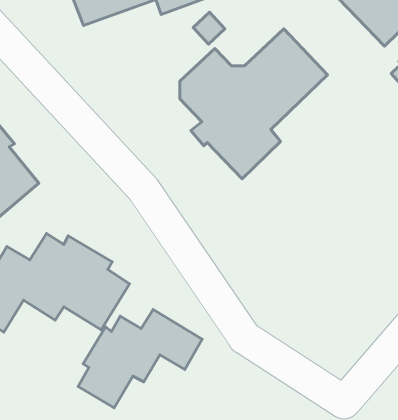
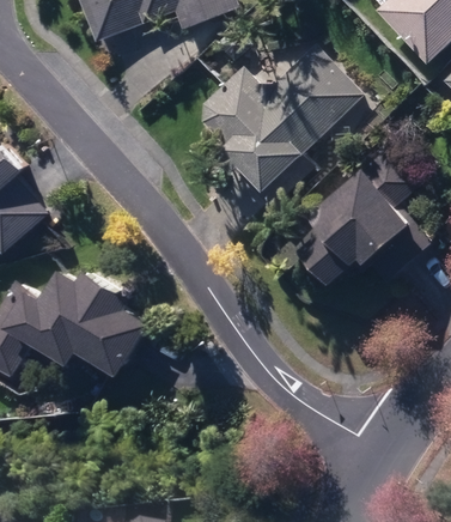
building: none -> [292,146,427,287]
building: [78,310,202,408] -> none

